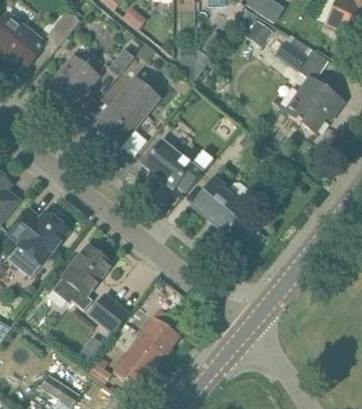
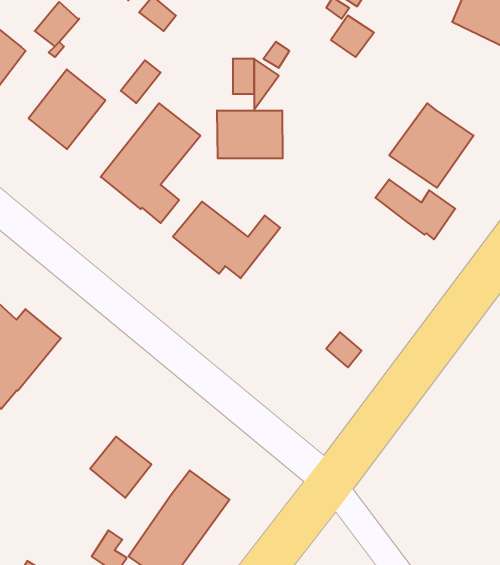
building: [276,41,328,80] -> [375,179,455,239]
building: none -> [217,110,283,158]
building: [193,177,253,231] -> none
building: [52,245,111,310] -> none

